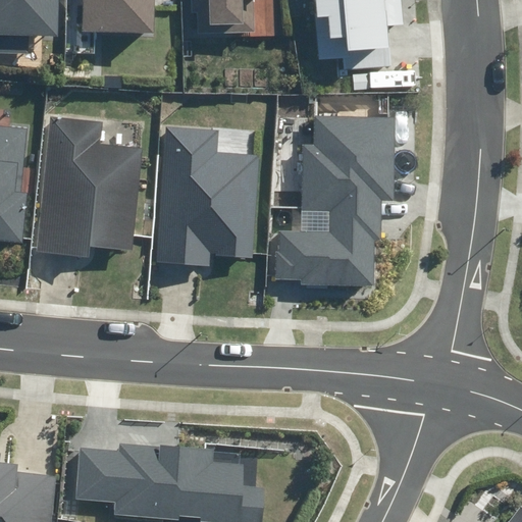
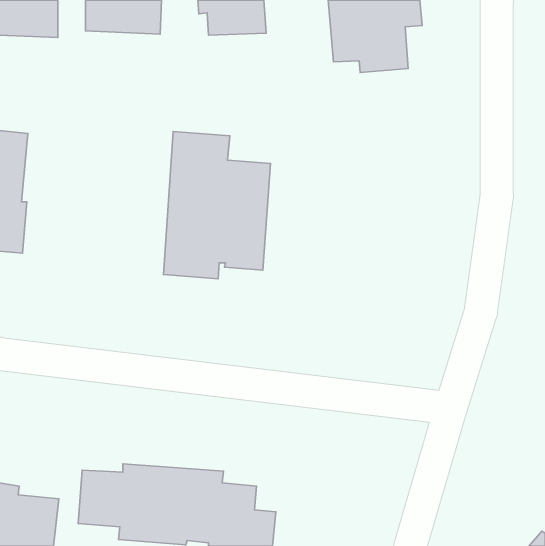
building: [274,115,394,285] -> none
building: [35,116,142,258] -> none

